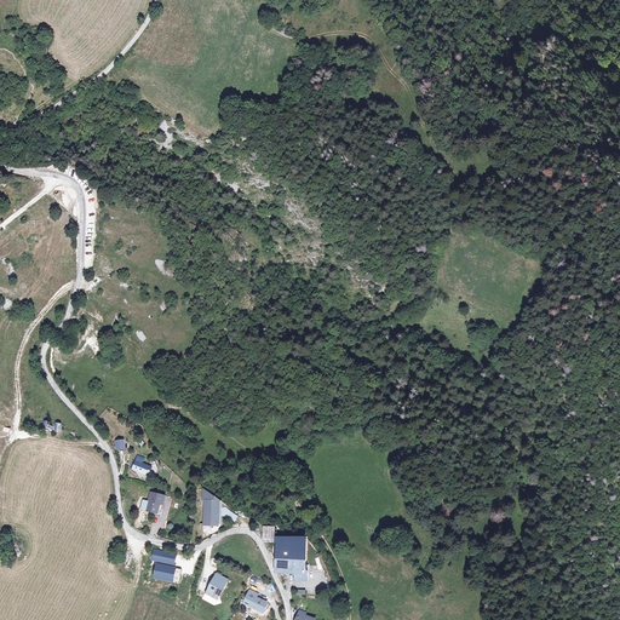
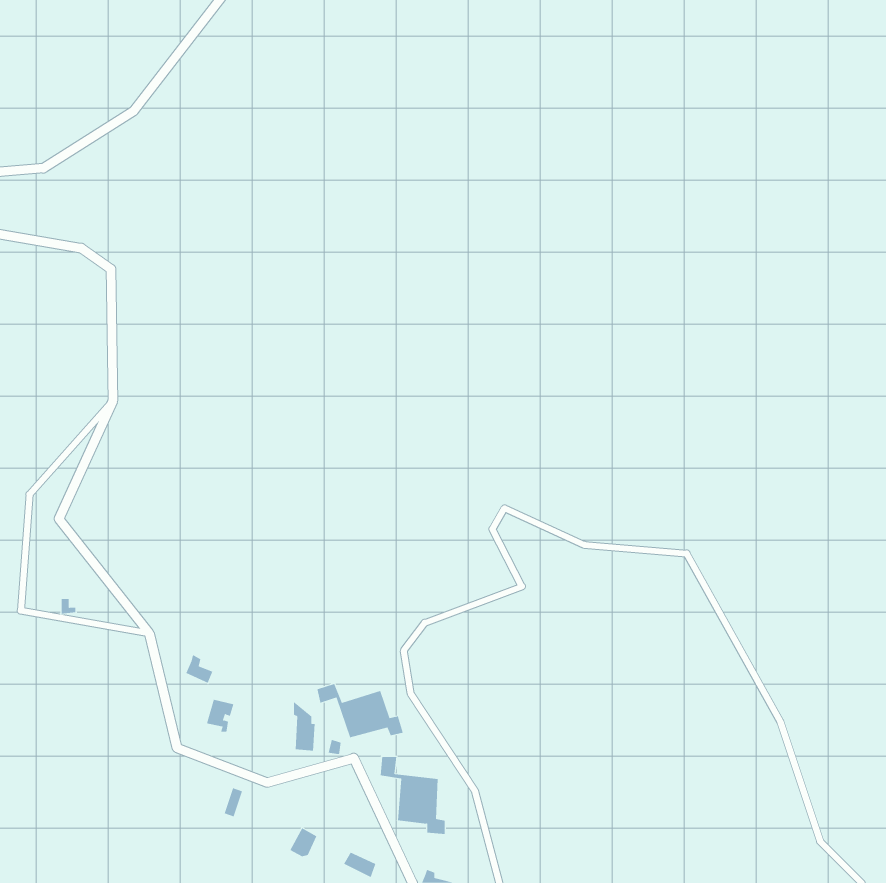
building: none -> [317,683,404,738]

